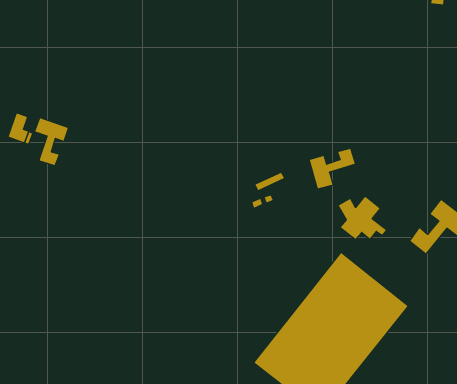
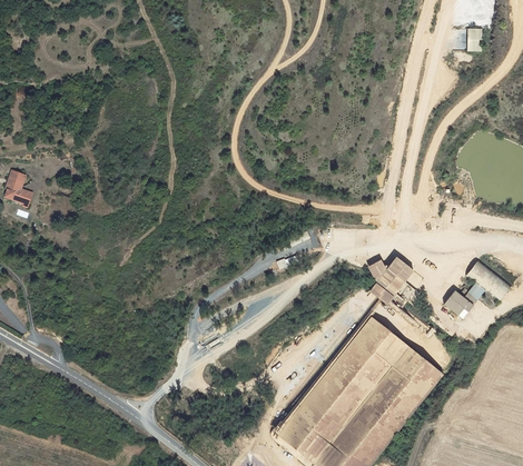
building: [35,118,69,166] -> none
building: [309,148,356,189] -> none

